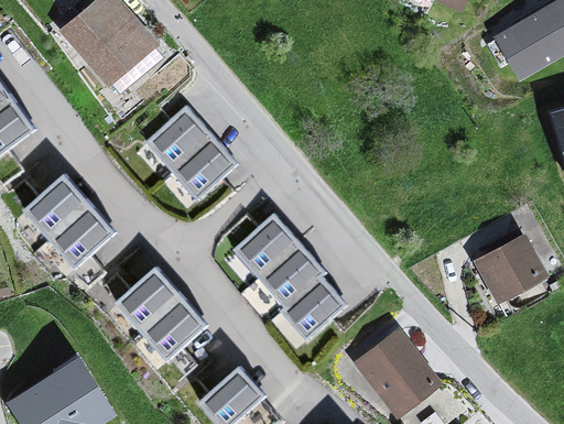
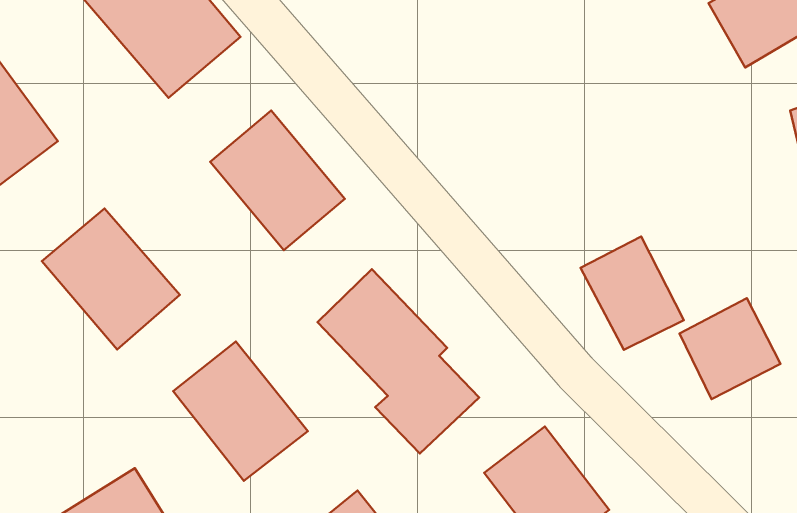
building: none -> [580,237,684,350]

